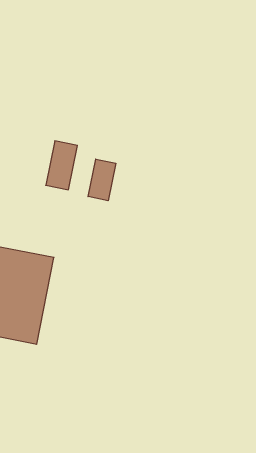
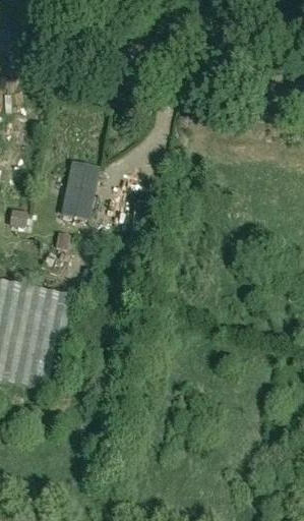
building: [88,159,116,201] -> none

